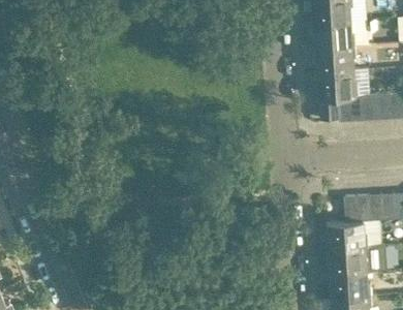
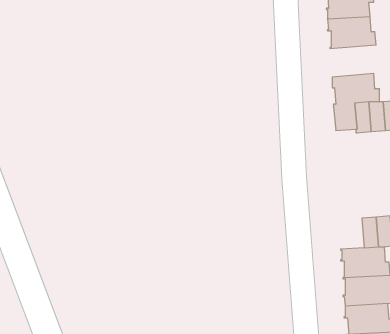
building: [316,45,358,73] -> none

